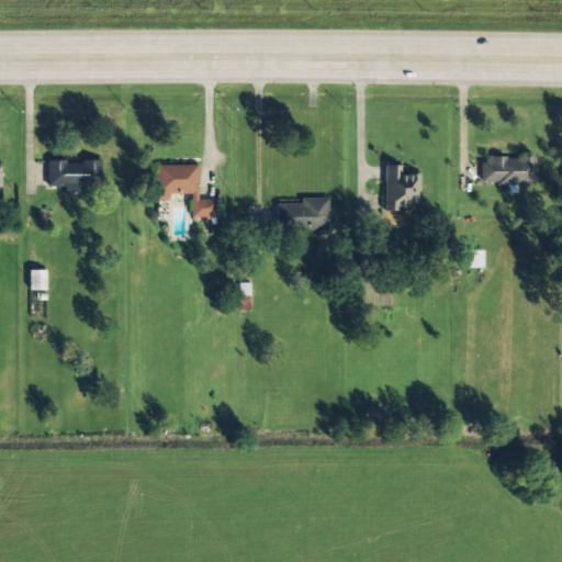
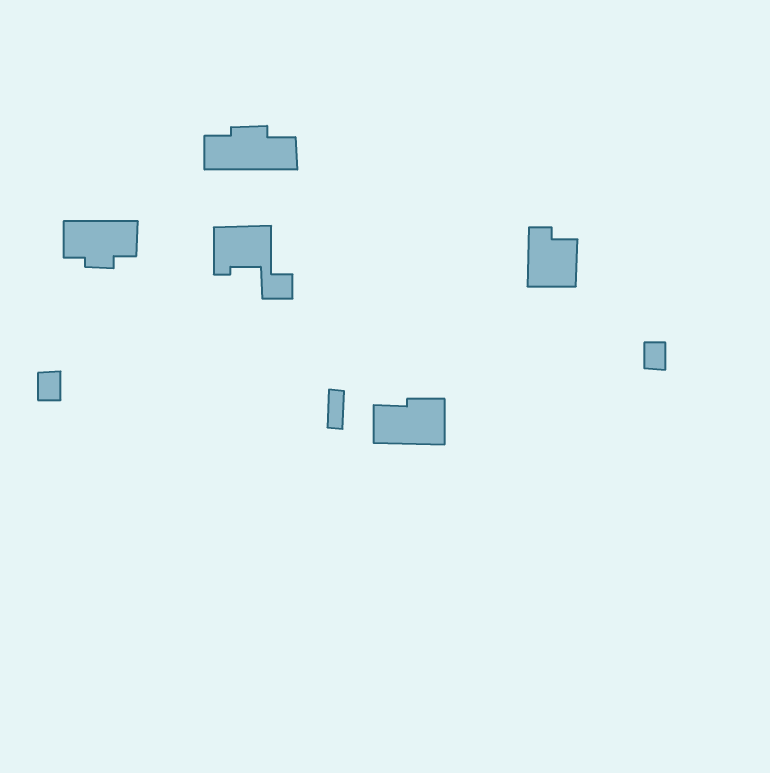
building: none -> [205,126,297,170]
building: [482,156,537,184] -> none
building: [279,198,330,231] -> [374,399,445,444]

